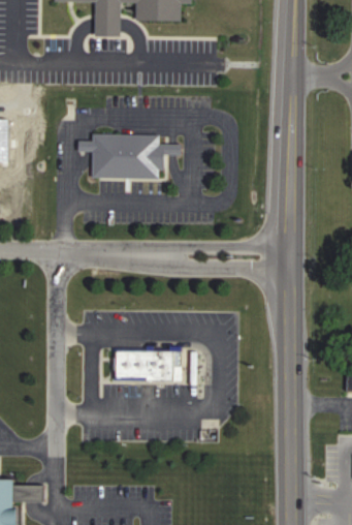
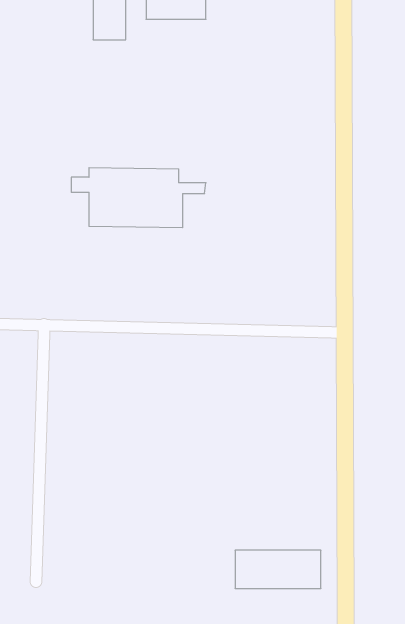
building: [116,351,181,380] -> [235,550,321,588]

